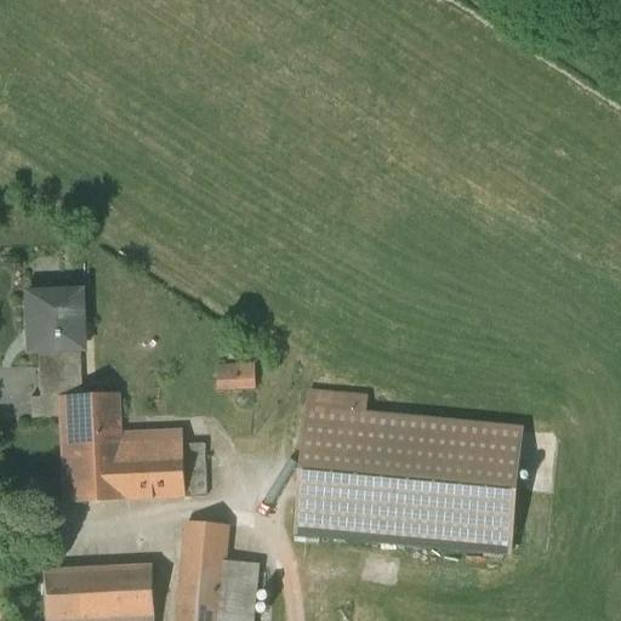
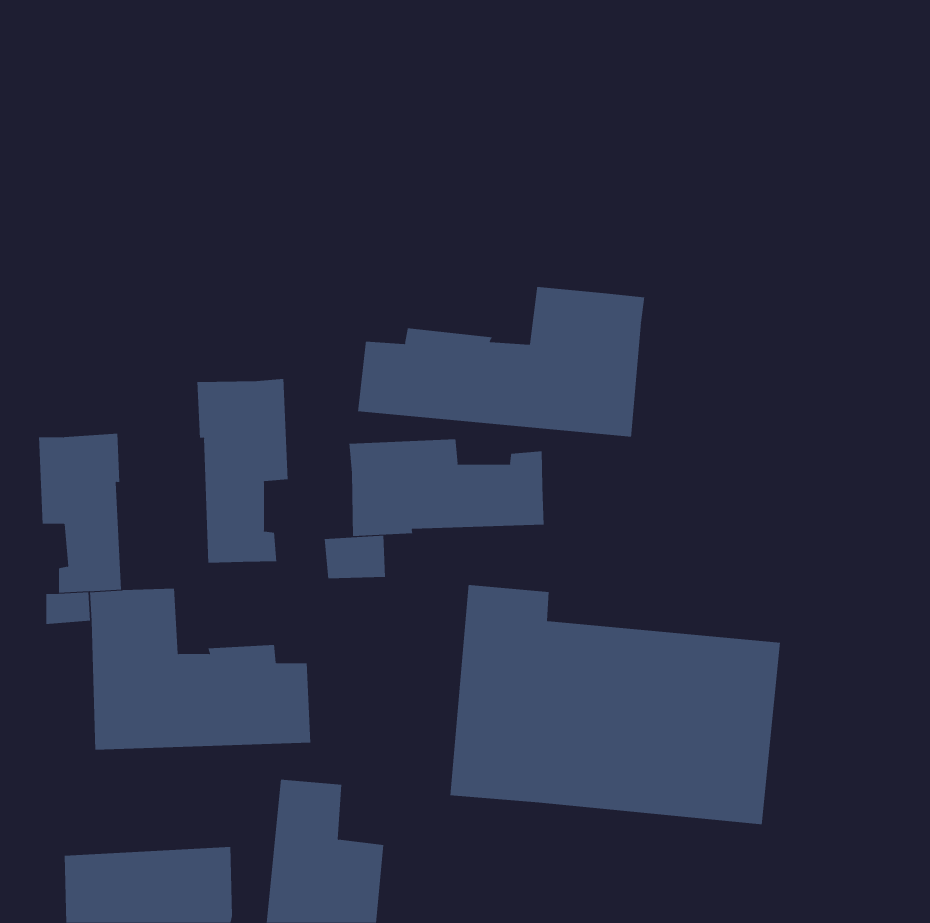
building: none -> [358,286,645,437]
building: none -> [197,378,288,563]
building: none -> [349,438,544,537]

